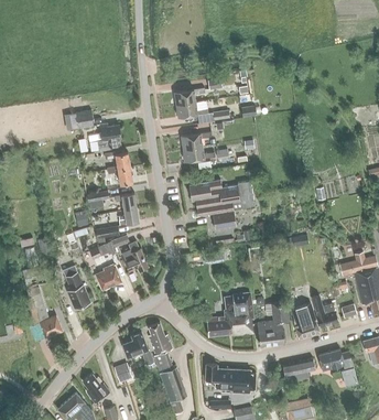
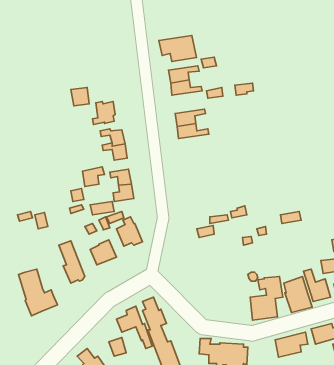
building: none -> [159,36,197,62]
building: [188,179,255,229] -> none
building: [206,291,253,336] -> none

